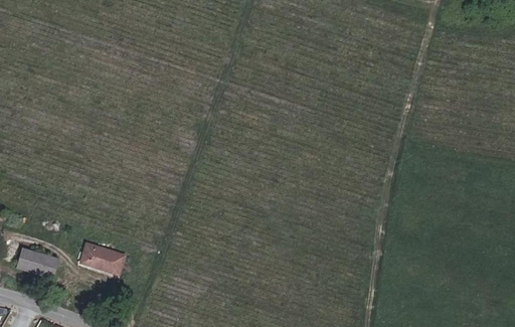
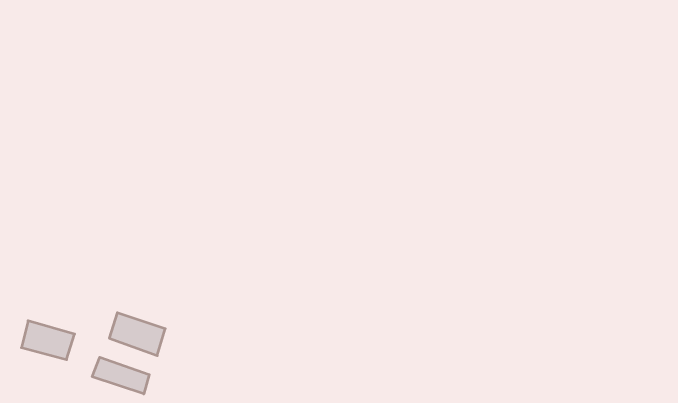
building: none -> [92,357,149,394]

